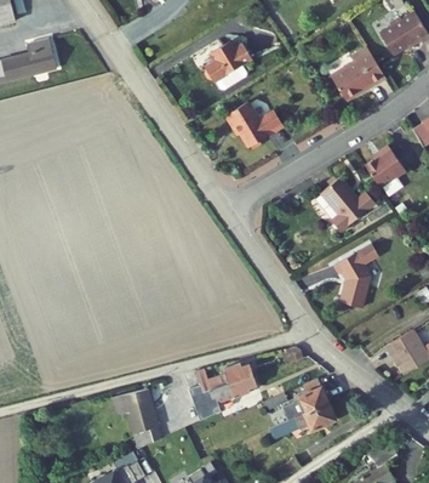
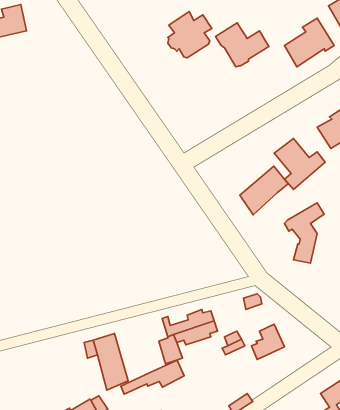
building: [225,101,282,148] -> [216,23,269,67]
building: none -> [240,166,288,215]
building: [268,402,336,438] -> [121,360,184,394]

